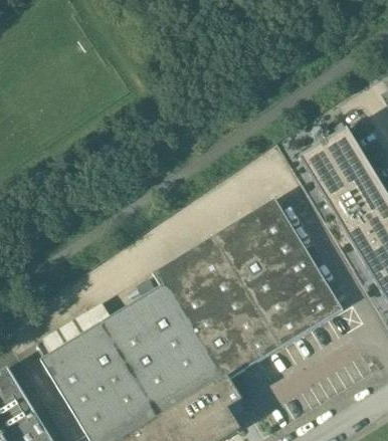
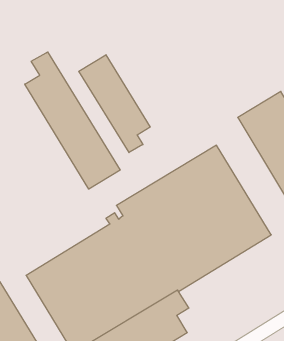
building: none -> [25,52,120,189]
building: none -> [79,55,150,153]

